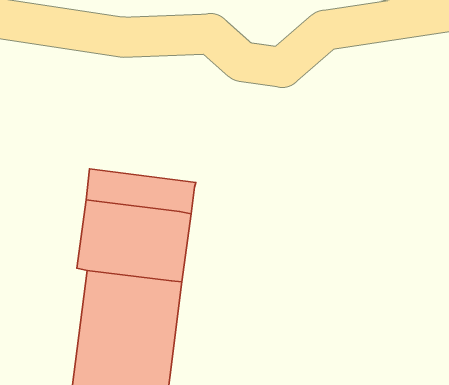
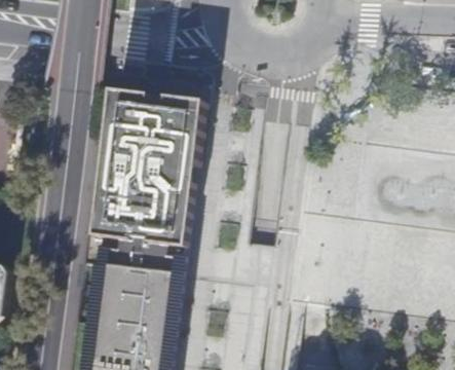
building: none -> [100,94,201,165]

